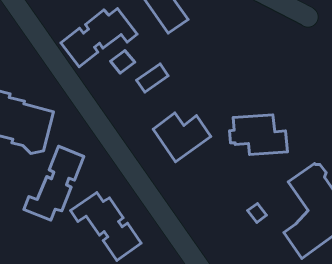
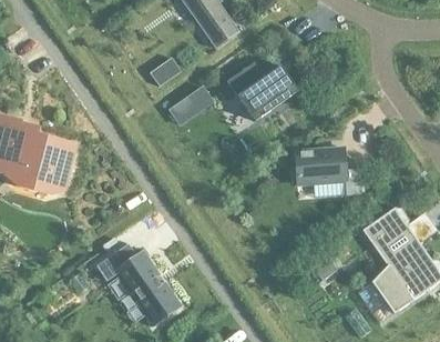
building: [61,9,137,67] -> none
building: [153,113,211,162] -> [226,60,297,120]
building: [24,146,84,220] -> none

